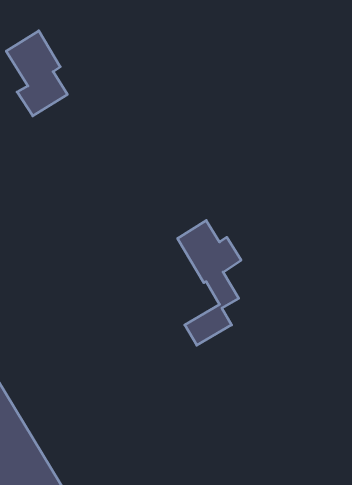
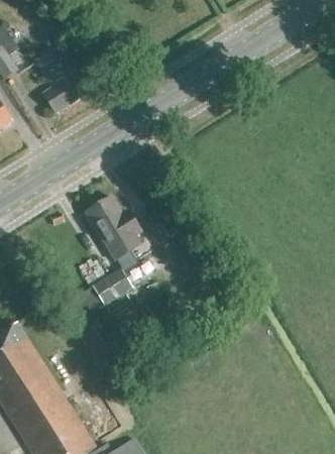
building: [178,220,241,345] -> [86,197,139,302]

